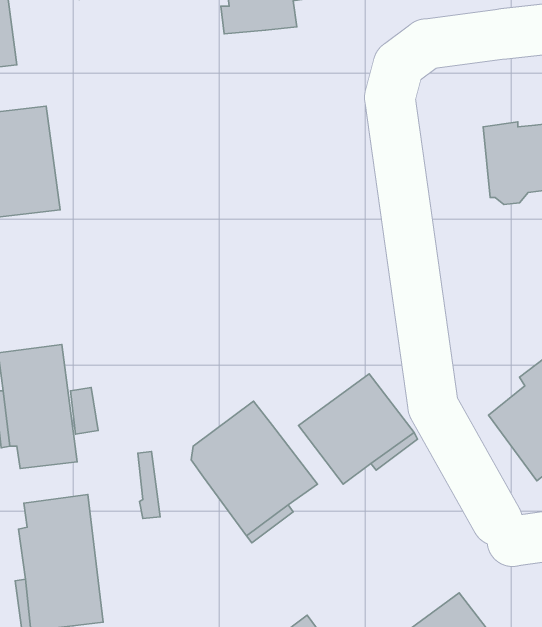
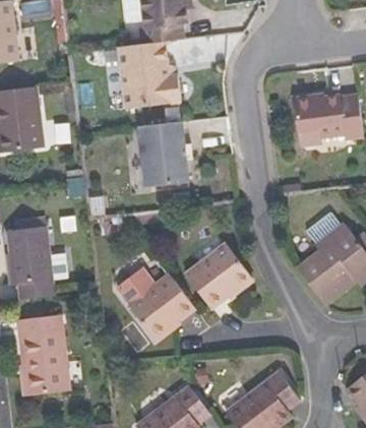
building: none -> [117,41,180,108]
building: none -> [138,121,188,186]

